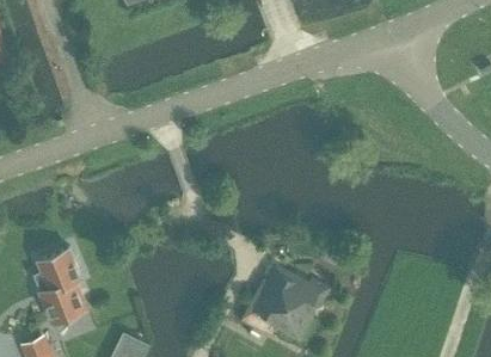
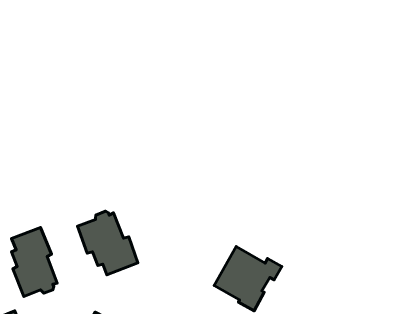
building: none -> [77,211,138,275]

